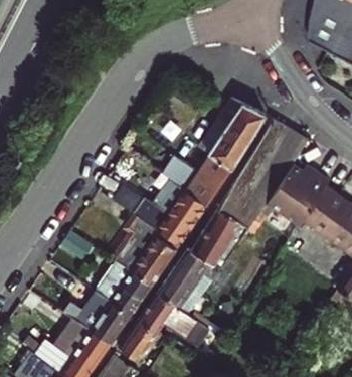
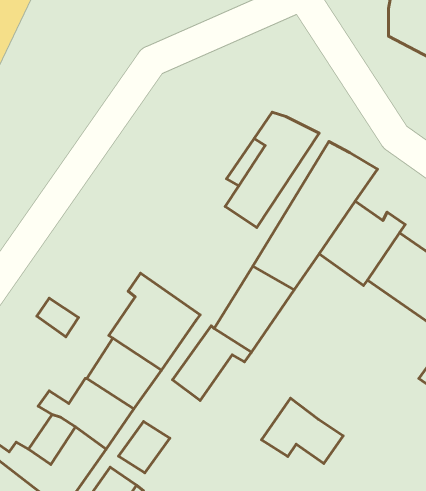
building: [132,156,219,246] -> none
building: [137,294,196,341] -> [262,398,343,463]

